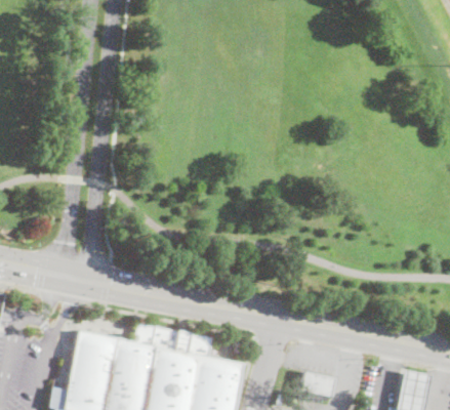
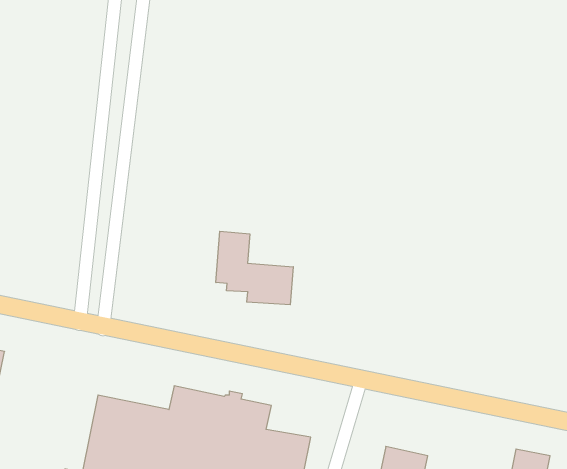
building: none -> [216,231,293,305]

